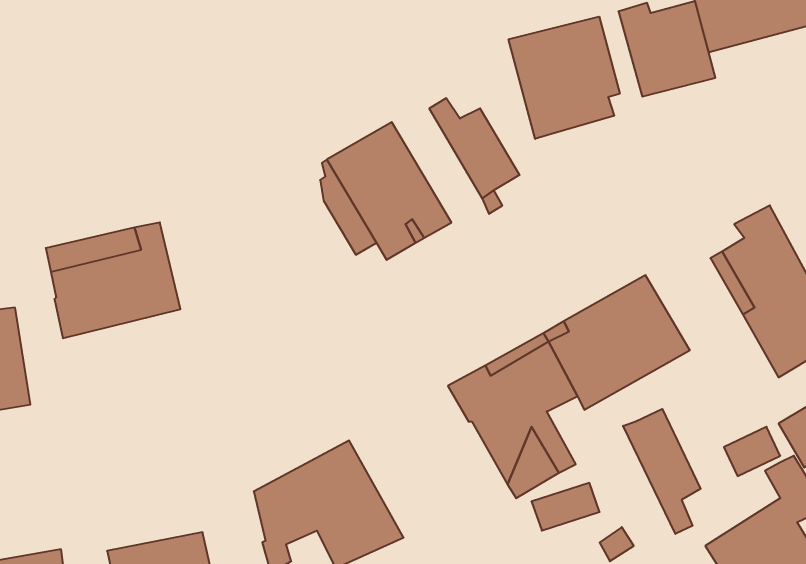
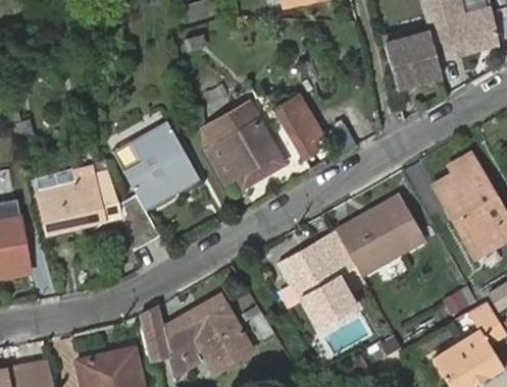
building: [509,17,620,139] -> none
building: none -> [119,121,199,251]
building: [623,409,701,534] -> none
building: none -> [140,306,170,361]

